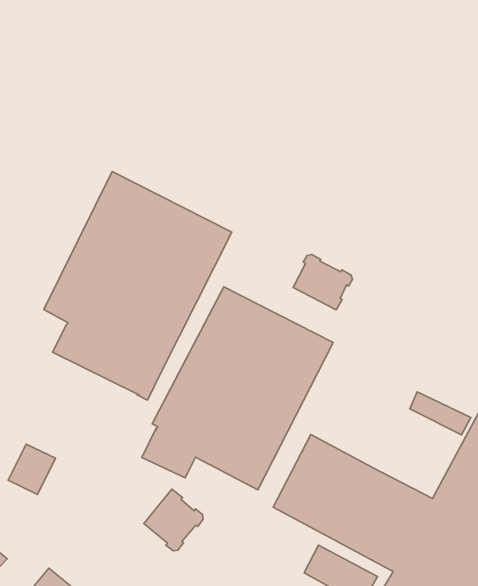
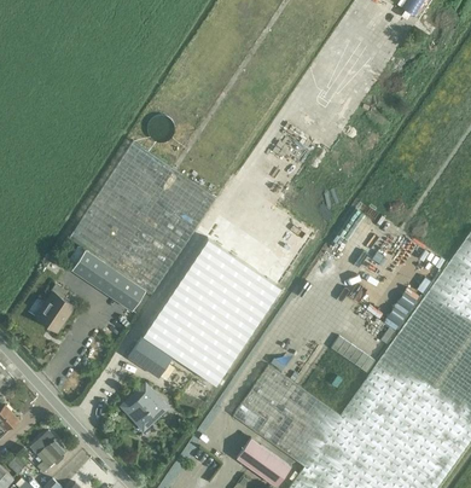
building: [293,255,352,310] -> none
building: [8,444,56,494] -> [36,295,74,333]

